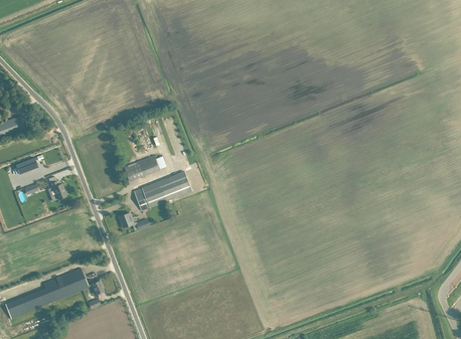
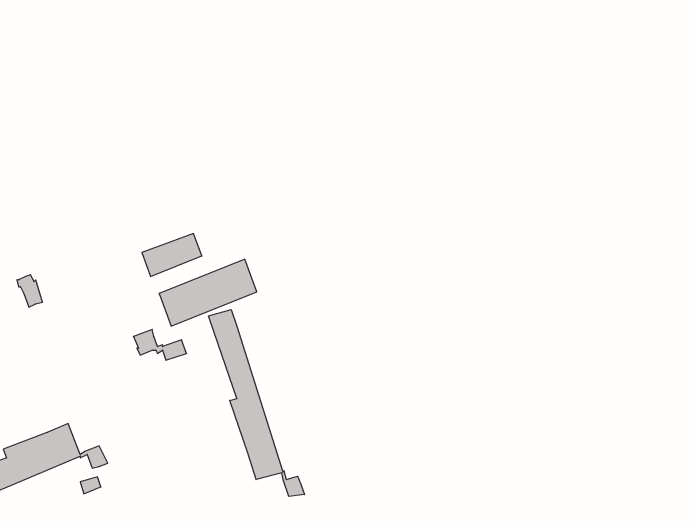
building: none -> [208,310,304,496]

